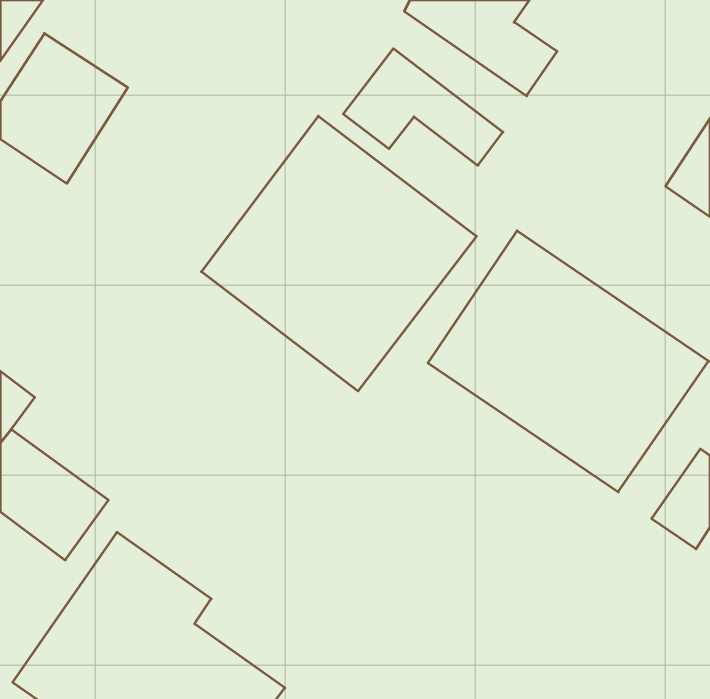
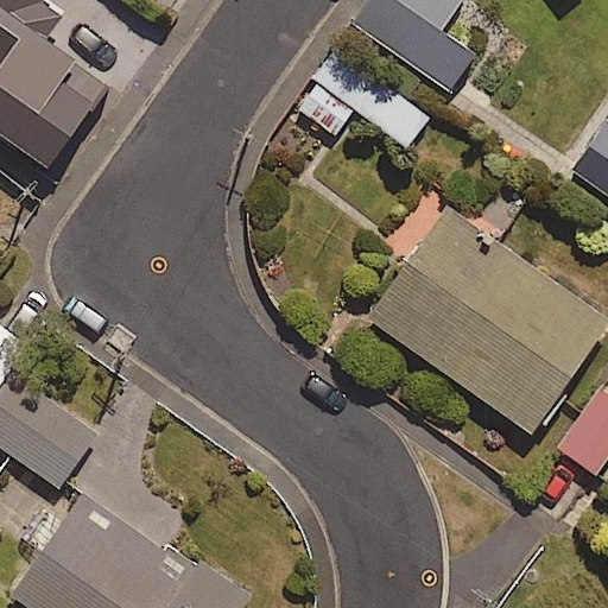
building: [201,116,476,391] -> none

